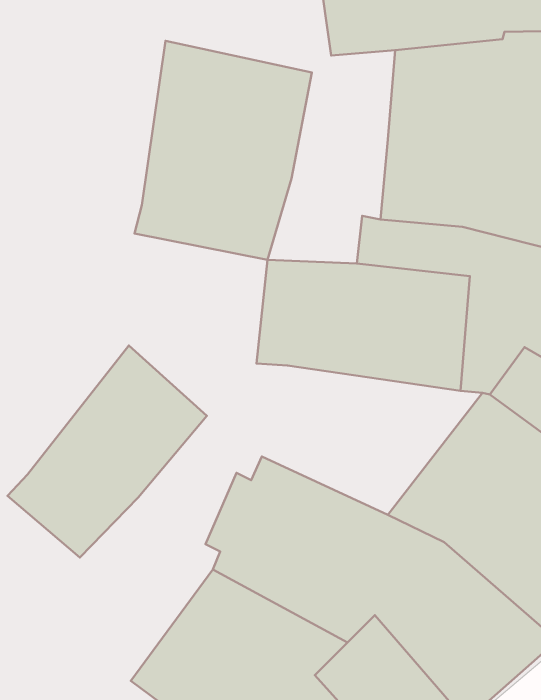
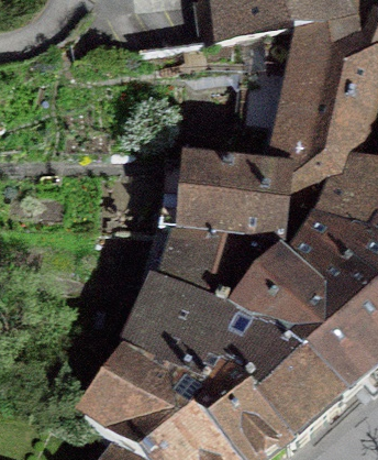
building: [134,41,312,260] -> none
building: [8,346,207,558] -> none
building: none -> [173,223,305,314]

